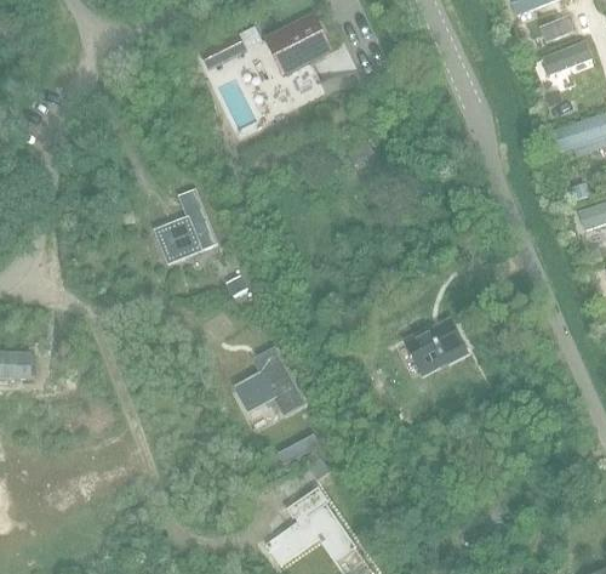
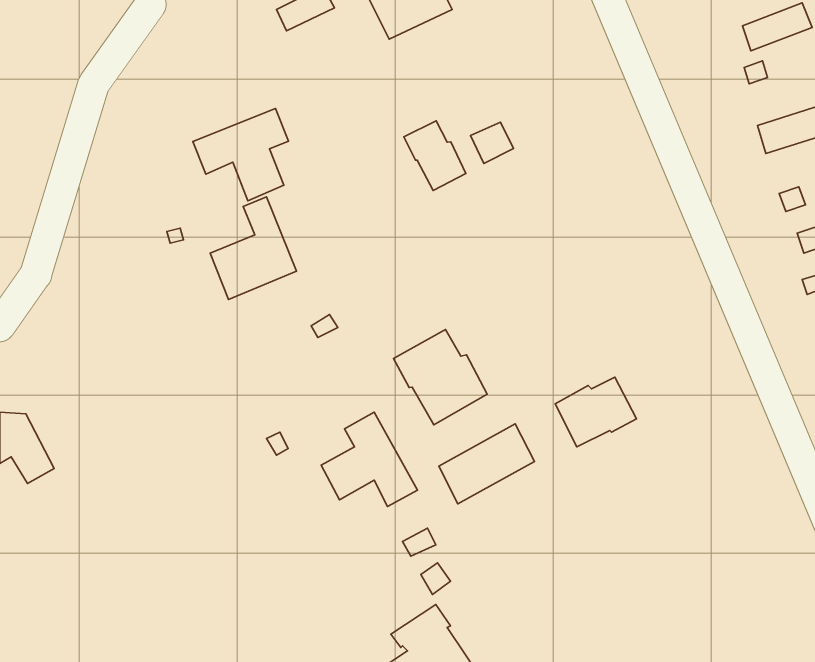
building: none -> [193,108,289,201]
building: none -> [404,121,466,191]
building: none -> [393,330,487,425]
building: none -> [439,424,534,504]

